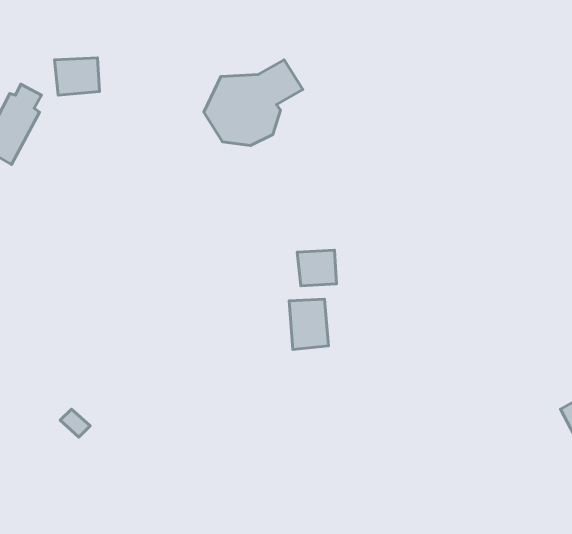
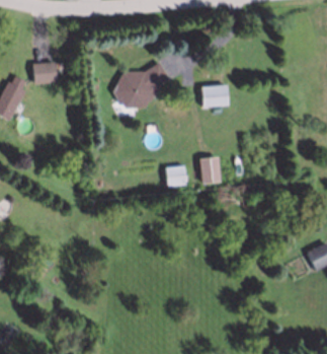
building: none -> [201,85,228,107]
building: [289,299,328,350] -> [200,156,222,184]

